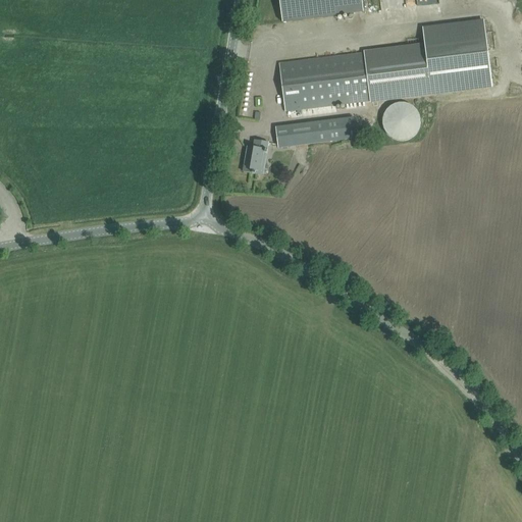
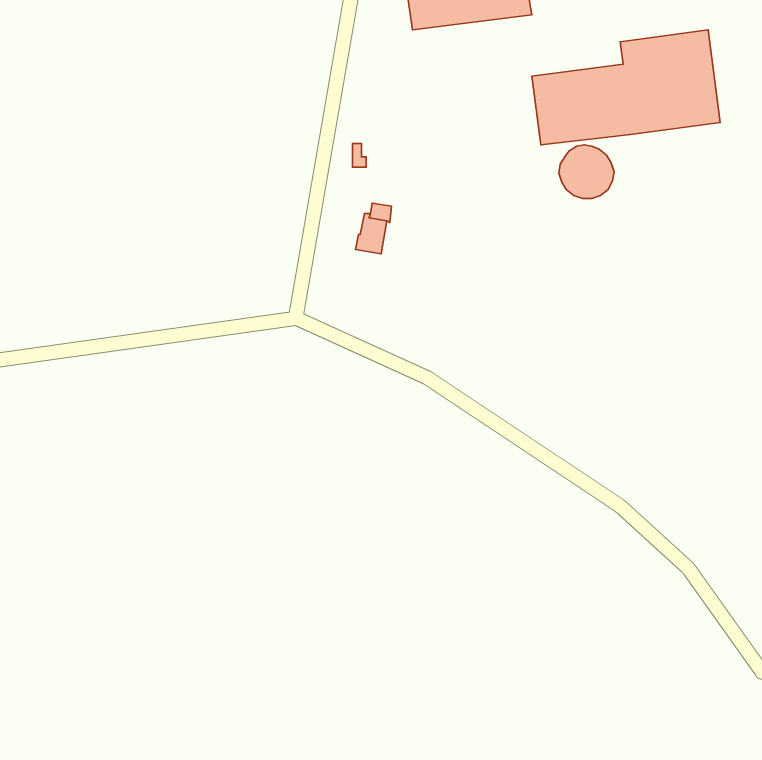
building: [278,52,369,110] -> none
building: [275,116,357,146] -> none

